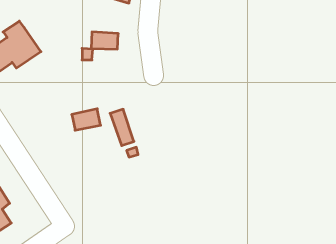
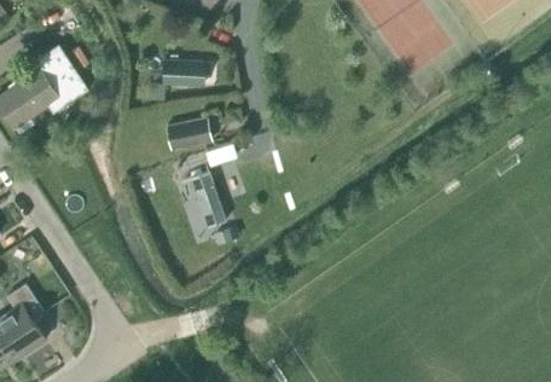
building: [72,109,101,130] -> [166,118,208,150]

